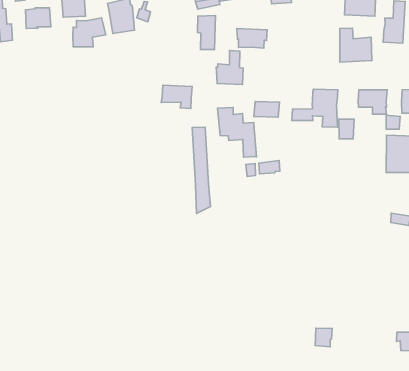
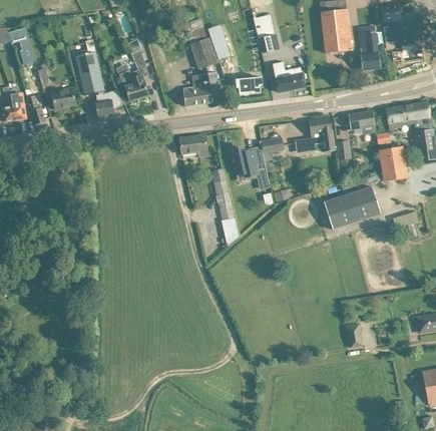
building: [340,28,372,62] -> [273,61,305,92]
building: [216,51,243,84] -> [182,74,207,105]
building: none -> [324,185,381,230]

